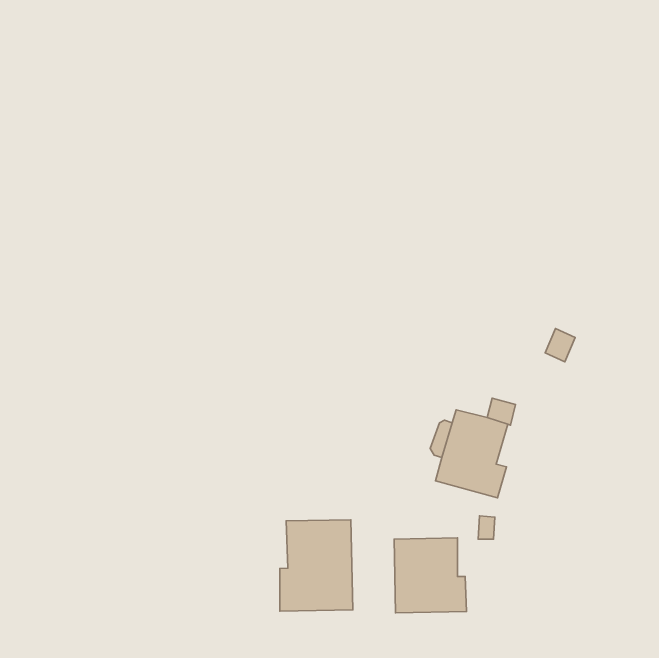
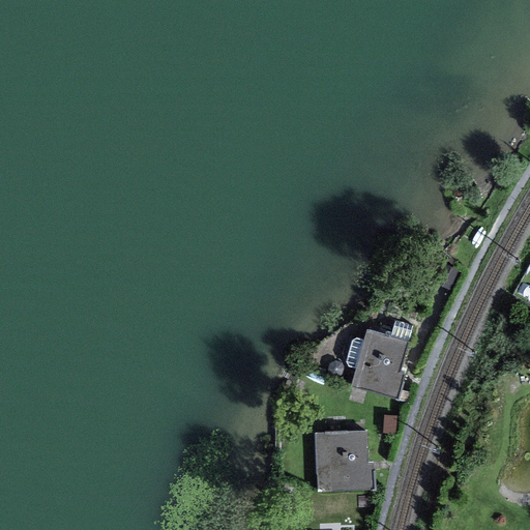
building: [280,520,353,611] -> none

